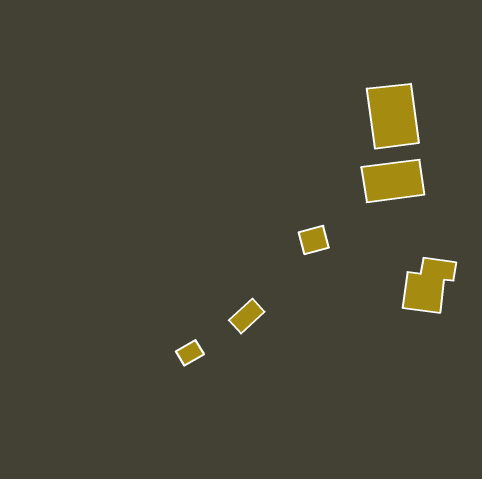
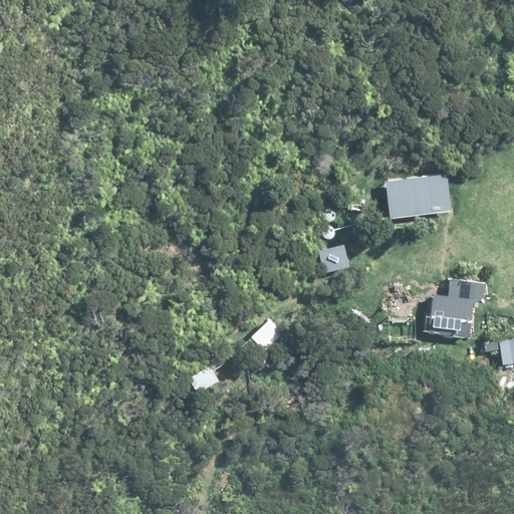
building: [367,84,419,149] -> none

